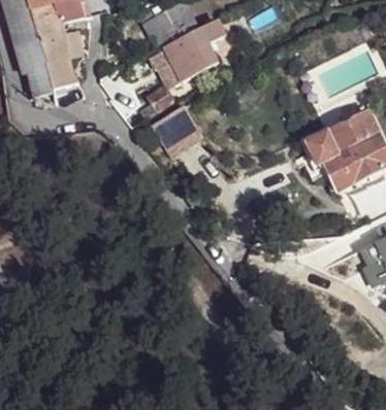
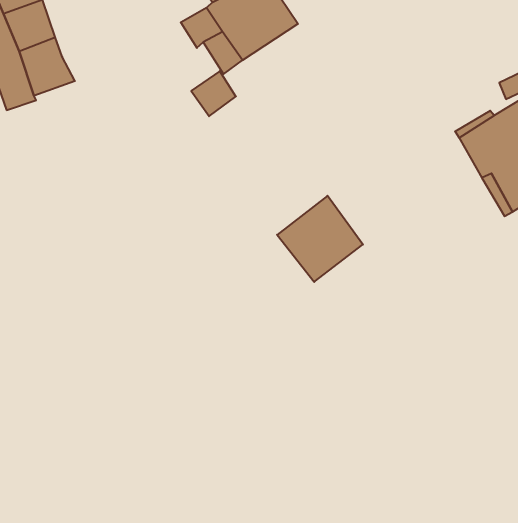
building: [152,105,203,157] -> [277,196,363,282]

